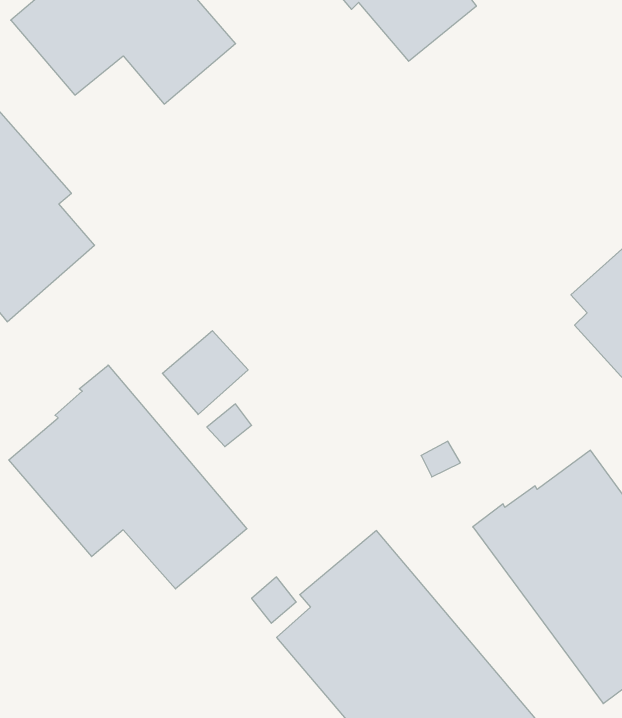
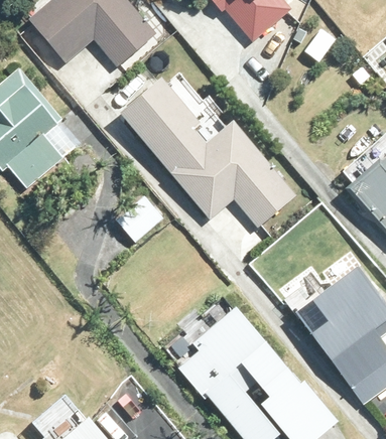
building: none -> [118,77,295,225]
building: [9,365,247,589] -> none

